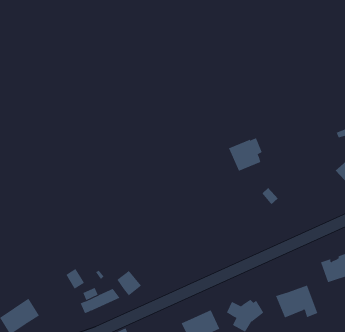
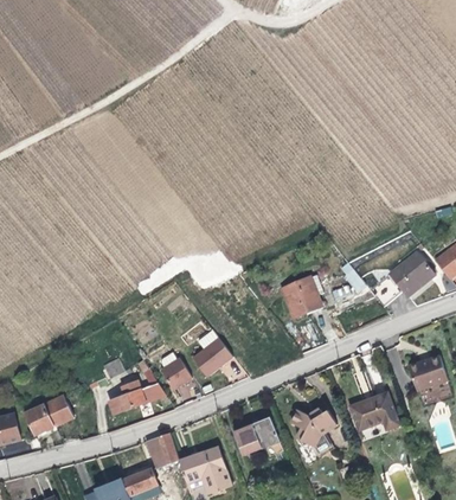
building: [228,138,262,172] -> [287,274,327,313]
building: none -> [387,258,430,300]
building: none -> [192,344,232,380]

